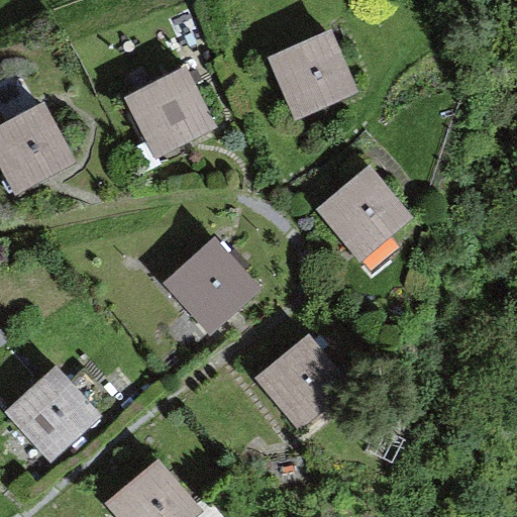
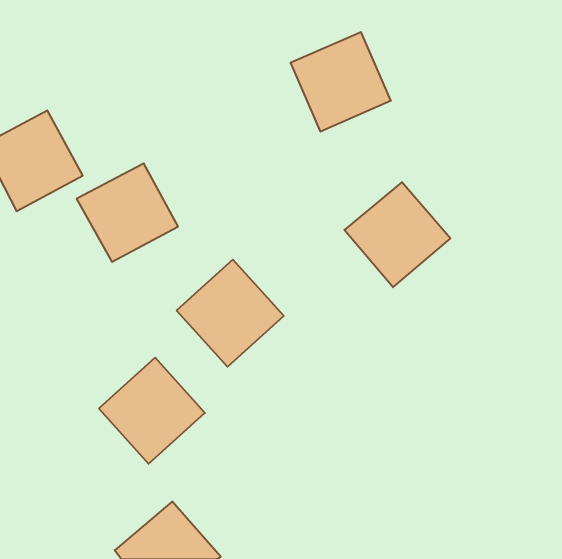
building: [124,67,217,157] -> [77,163,178,262]
building: [253,333,351,430] -> none
building: [4,366,101,462] -> [99,358,205,464]

